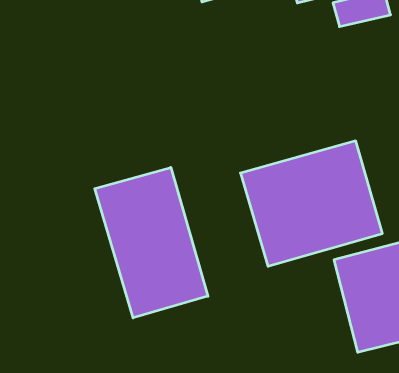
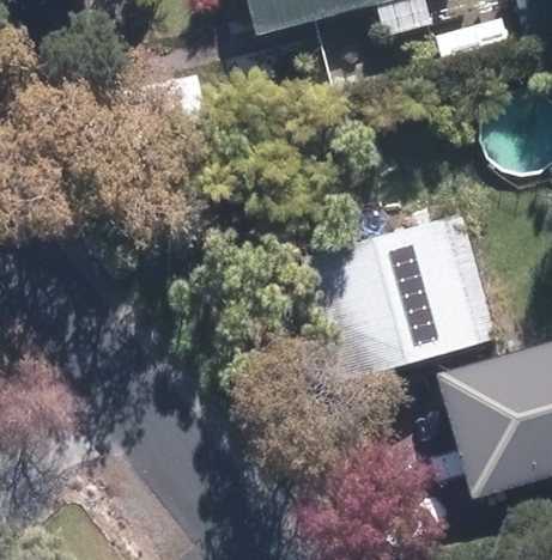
building: [95,167,208,318] -> none

